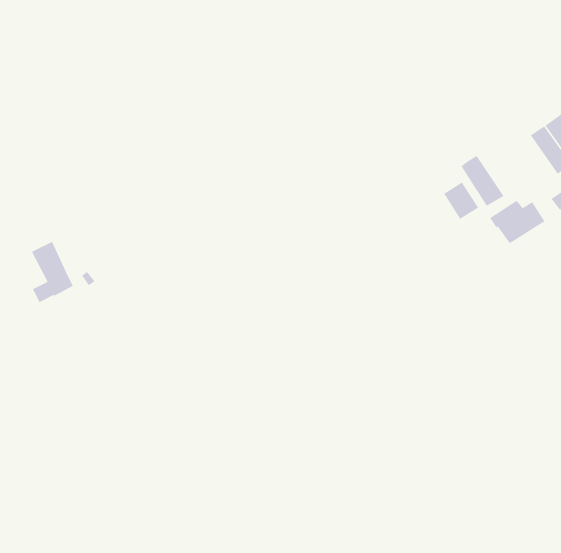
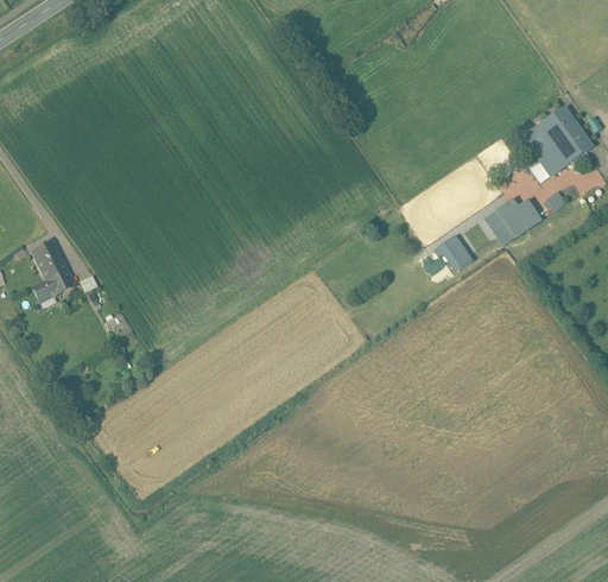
building: [460,155,504,207] -> none
building: [443,181,479,220] -> [437,233,473,271]

